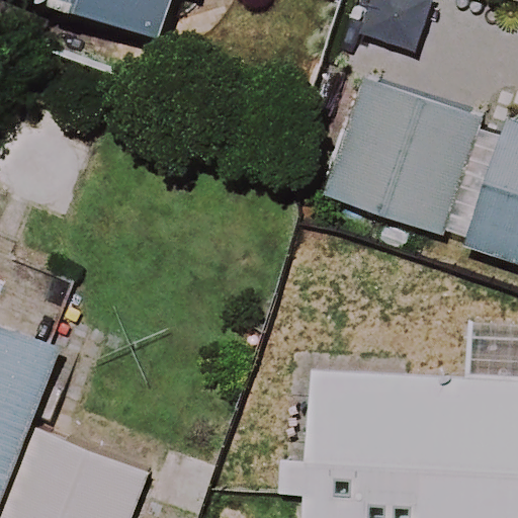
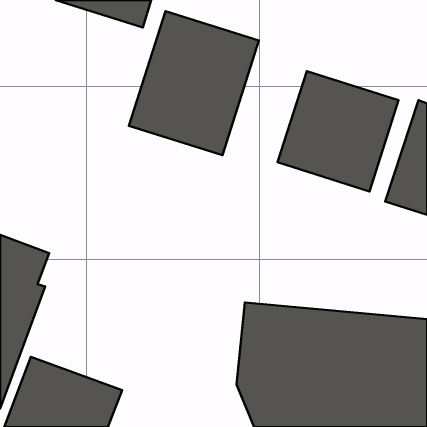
building: none -> [129,11,259,155]

